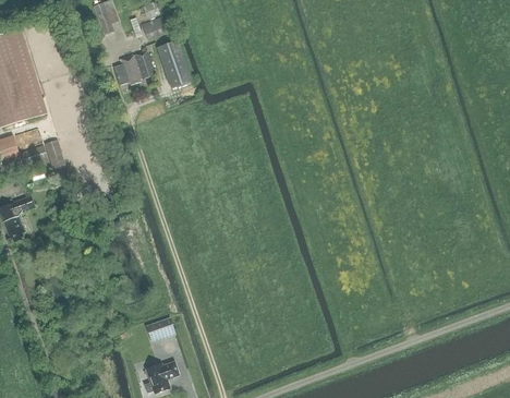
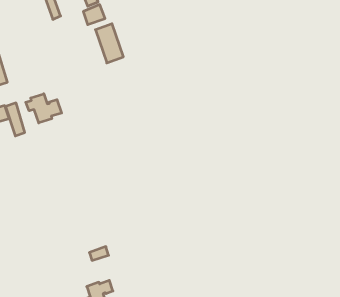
building: [112,50,154,84] -> none
building: none -> [26,94,62,123]

